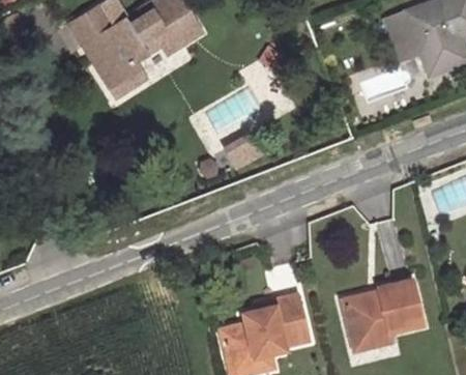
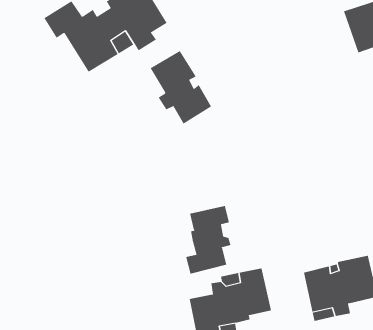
building: none -> [150,50,212,124]
building: none -> [185,205,231,275]

